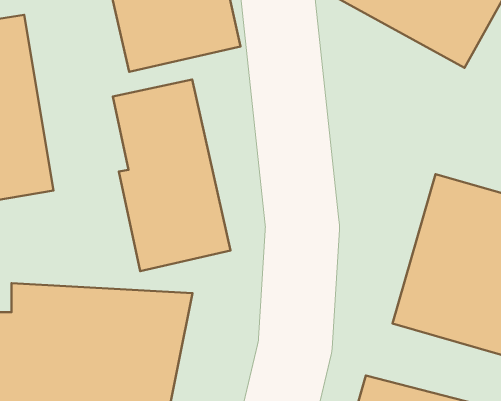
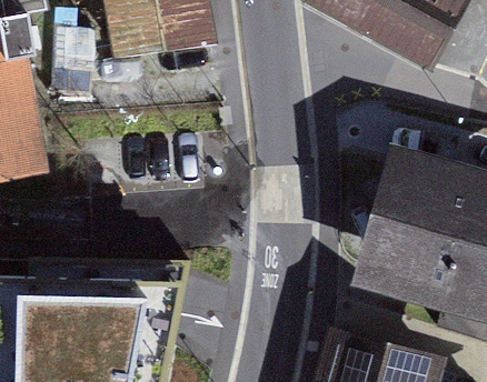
building: [113,80,231,271] -> none

